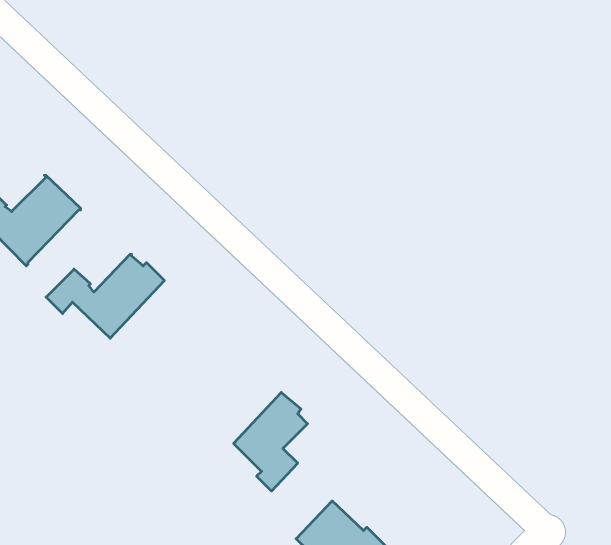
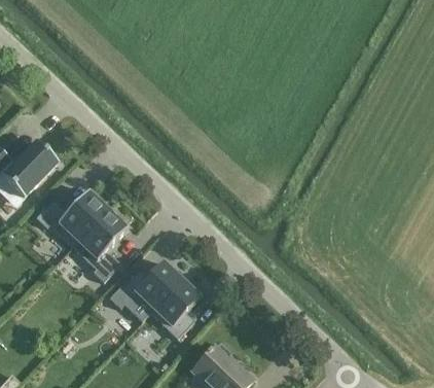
building: none -> [75,208,126,282]
building: none -> [108,262,182,310]

